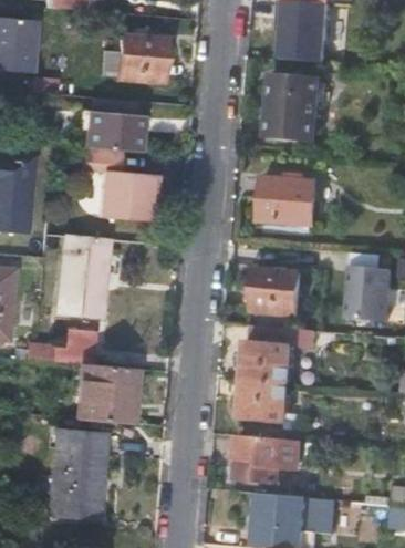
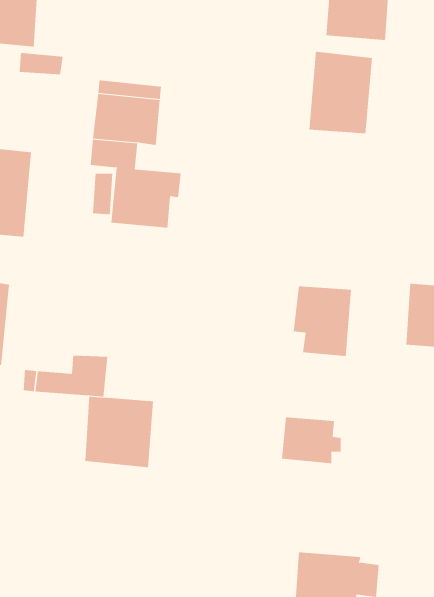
building: [98,33,165,81] -> none
building: [259,178,318,224] -> none
building: [60,236,106,316] -> none
building: [246,327,309,384] -> none
building: [48,431,102,517] -> none
building: [238,436,302,483] -> none

